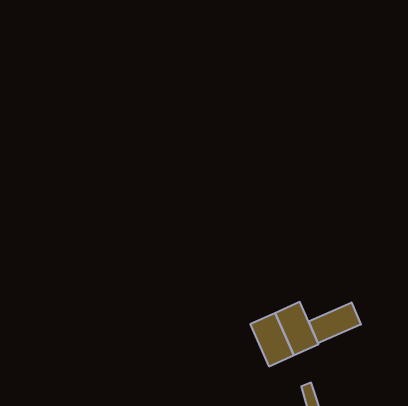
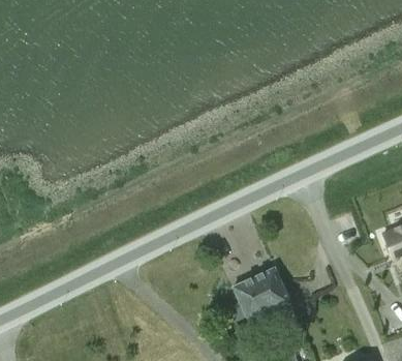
building: [309,302,361,343] -> none

